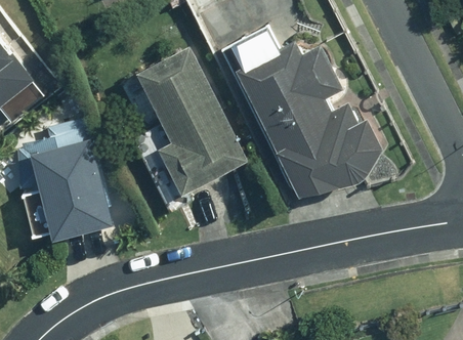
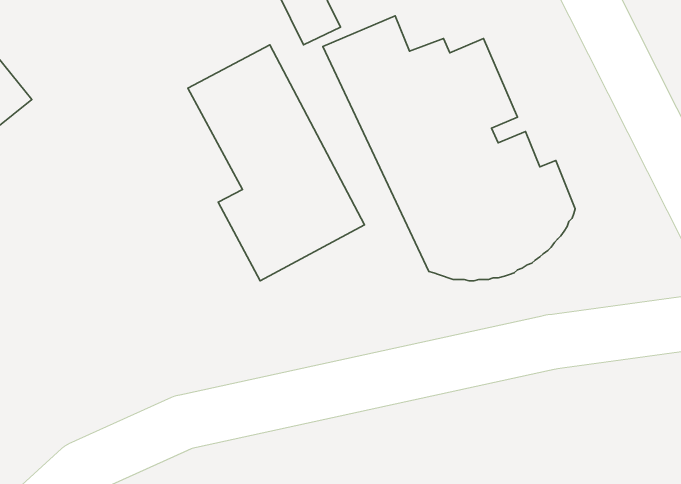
building: [25,116,114,240] -> none

